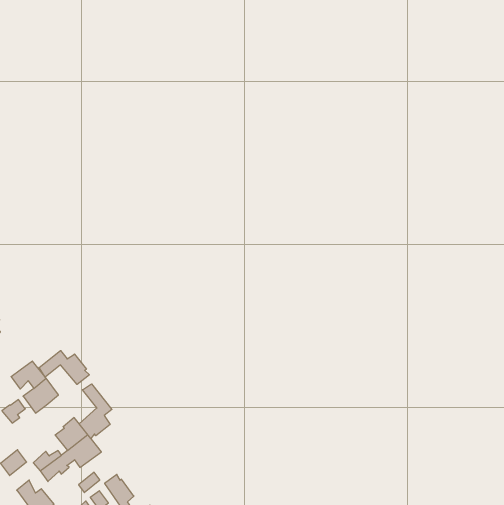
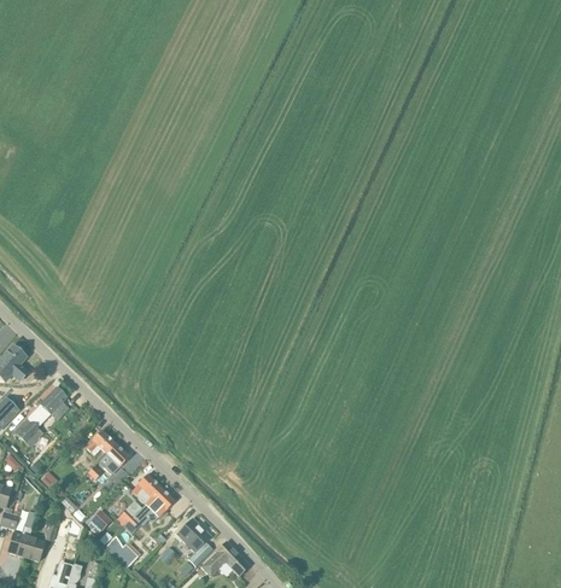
building: [39,351,89,384] -> none
building: [79,384,112,438] -> none

